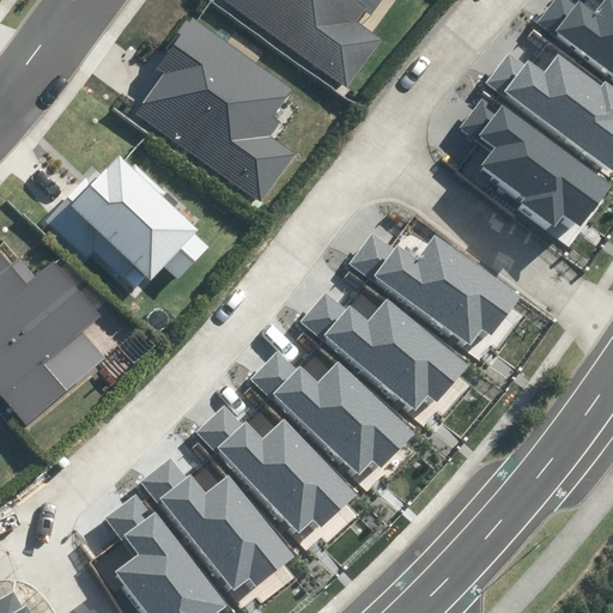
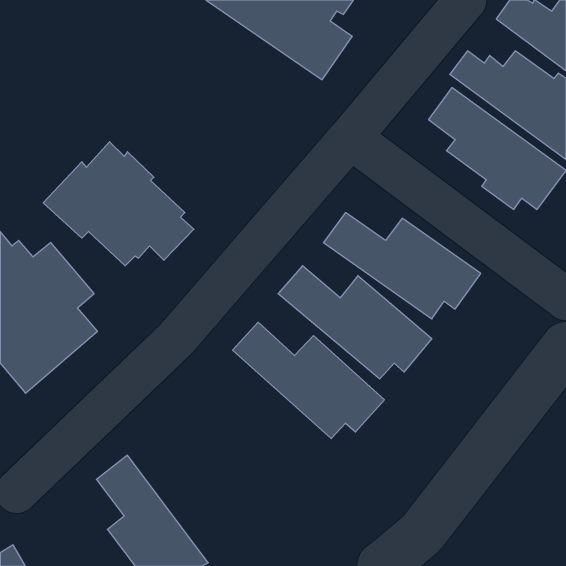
building: [136,18,296,202] -> none
building: [196,405,359,533] -> none
building: [140,457,297,590] -> none

